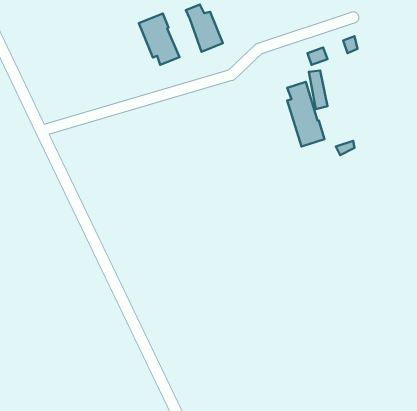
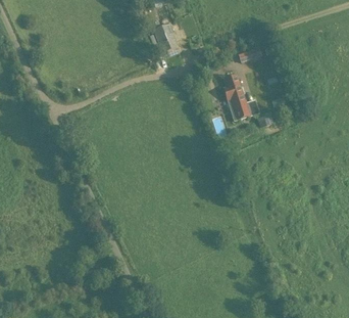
building: [139,14,179,65] -> none

